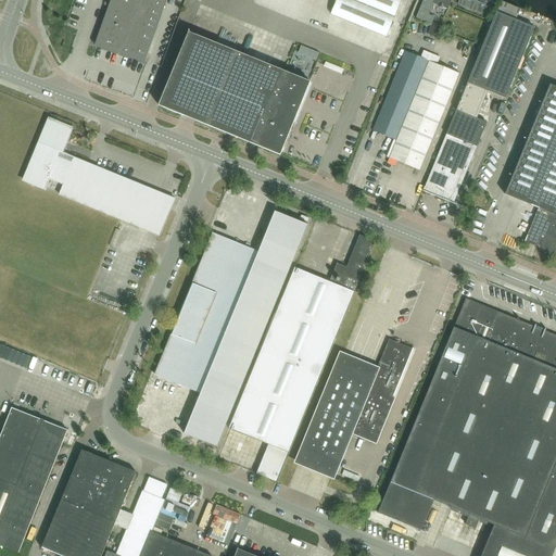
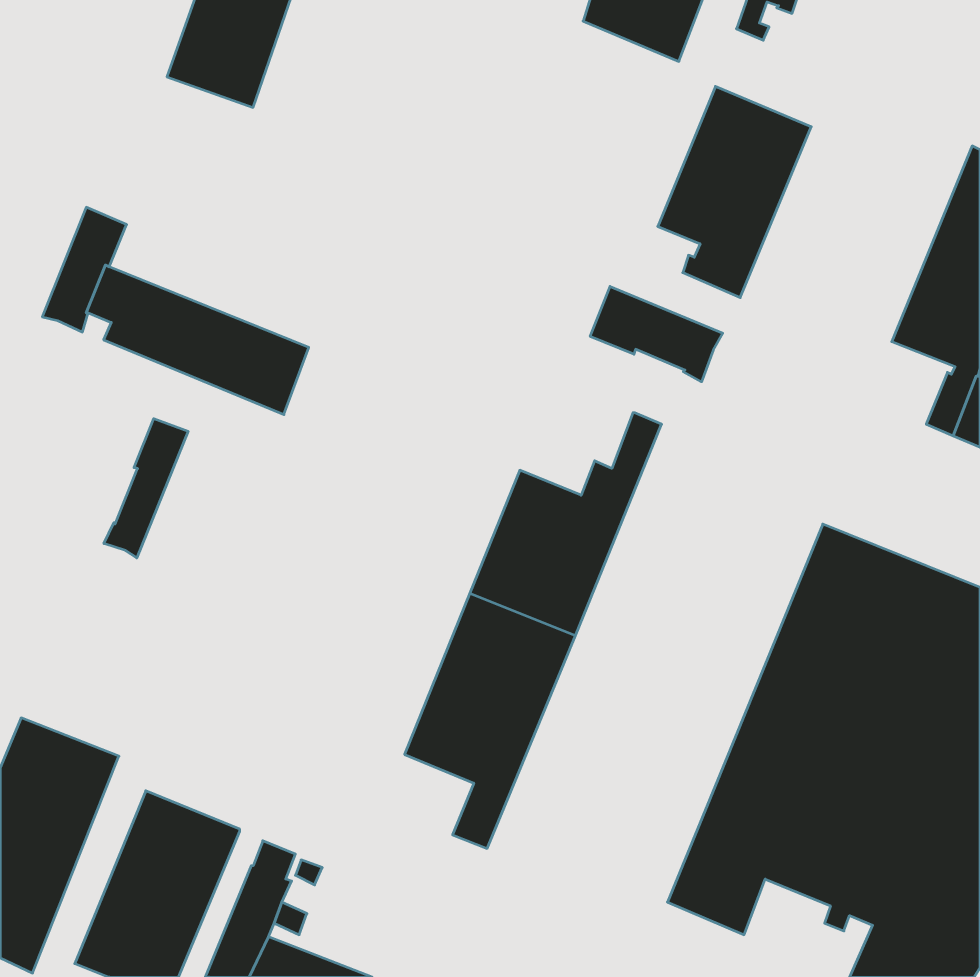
building: [422,10,534,202] -> none
building: [160,31,309,154] -> none
building: none -> [590,286,723,382]
building: [155,210,307,445] -> none
building: none -> [104,419,188,558]
building: [298,341,414,473] -> none

